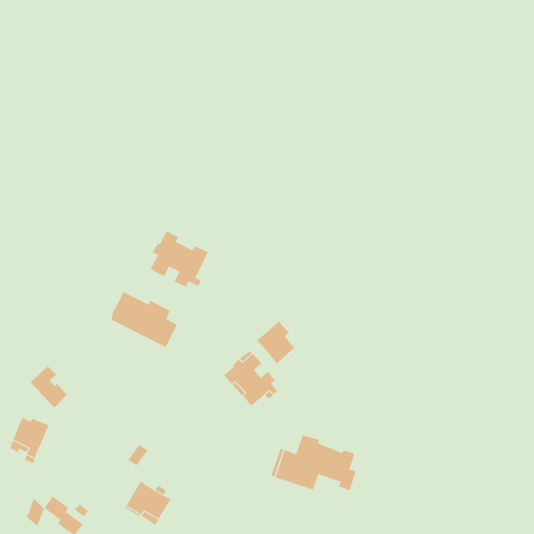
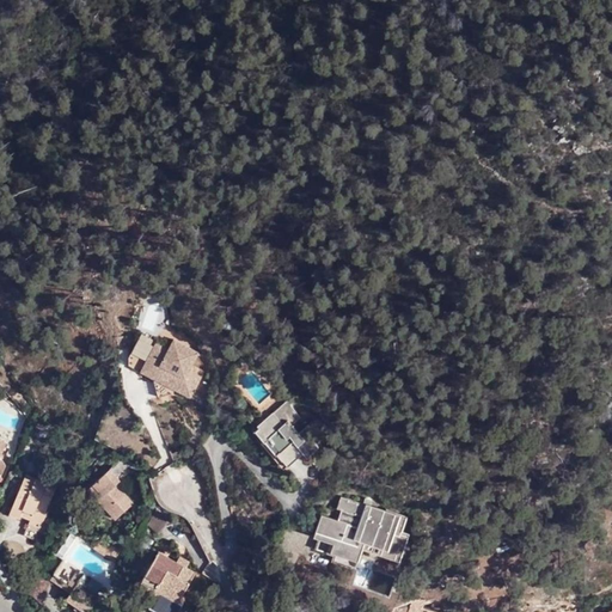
building: [150,231,208,287] -> none
building: [256,321,295,364] -> none
building: [30,366,68,408] -> [86,475,129,524]

